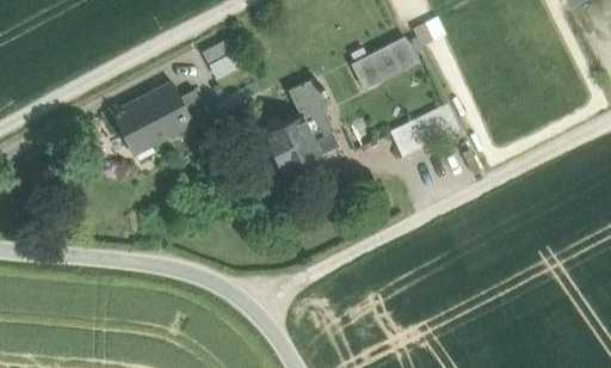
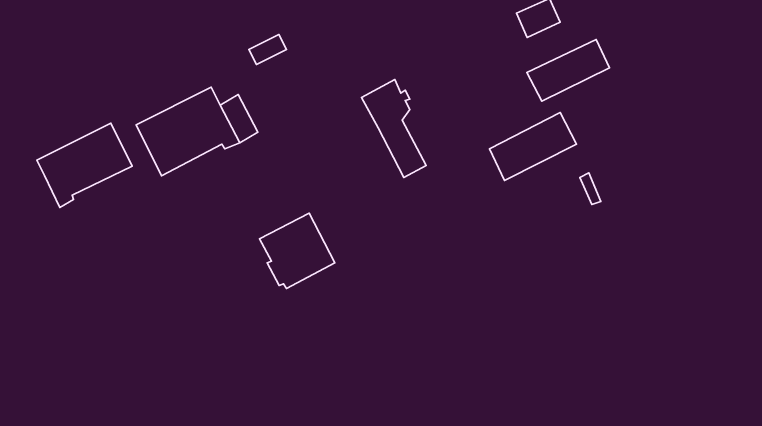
building: [353,39,419,88] -> [527,39,610,101]
building: none -> [37,123,132,208]
building: [263,115,322,174] -> [259,213,335,288]

